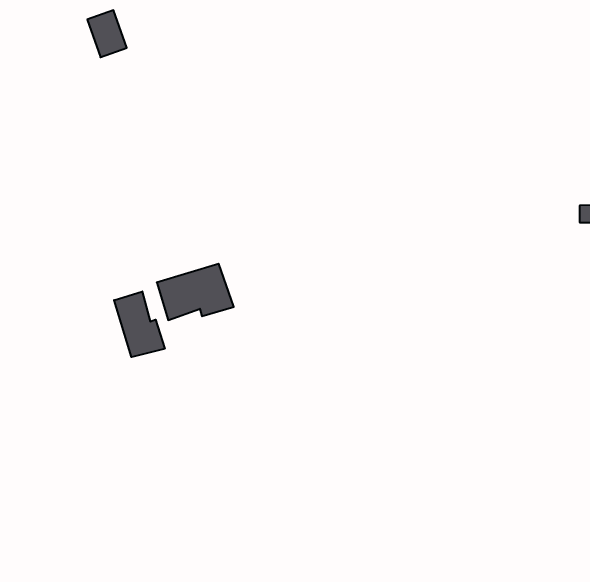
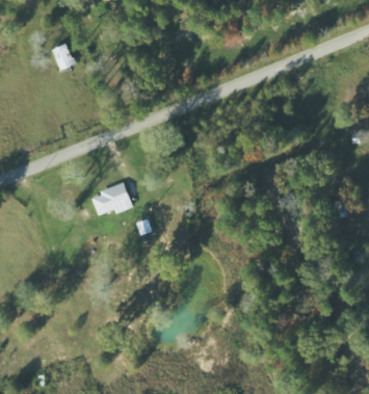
building: [114,291,165,357] -> none

